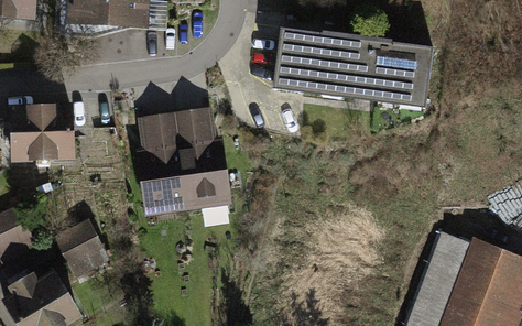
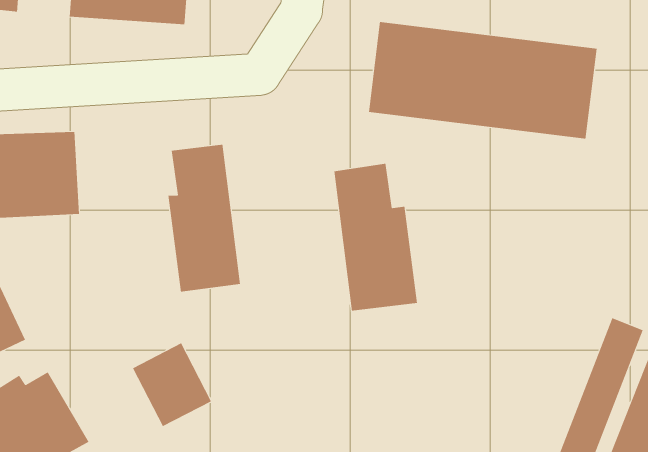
building: [174,106,232,208] -> [334,163,418,311]
building: [54,217,109,275] -> [132,343,212,427]

